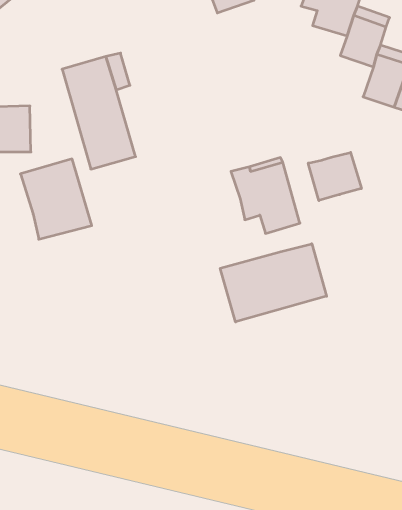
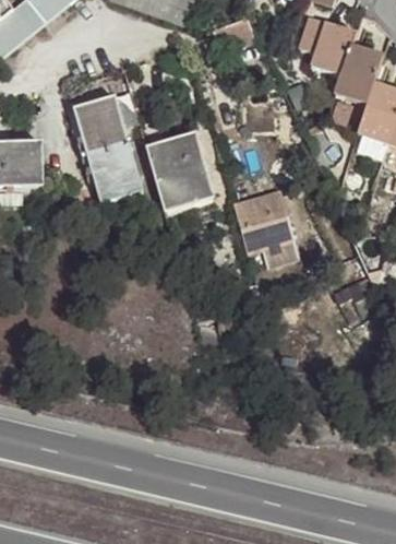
building: [308,152,361,201] -> none
building: [20,159,92,239] -> [145,132,213,209]
building: [220,244,327,322] -> none

